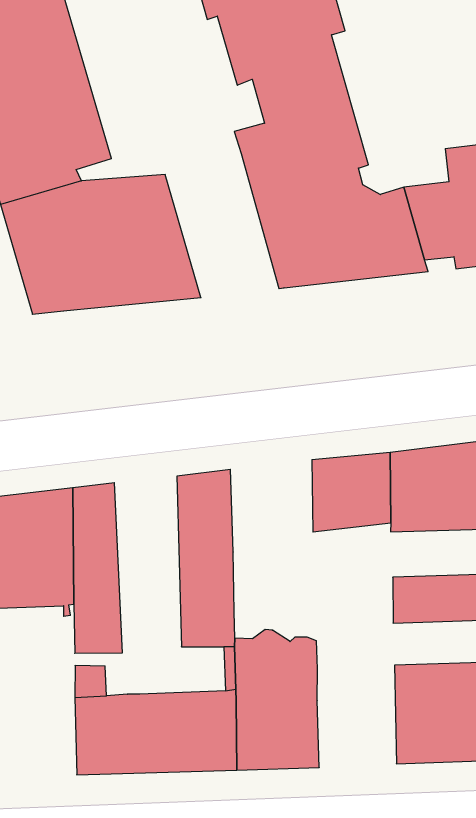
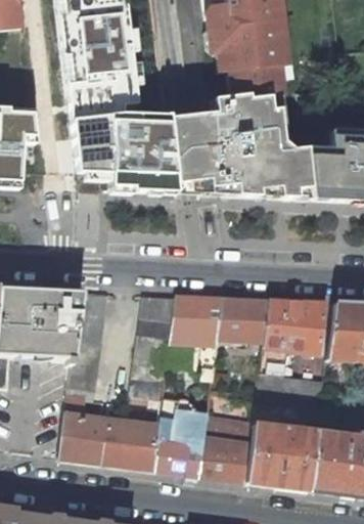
building: none -> [167,112,222,193]
building: none -> [171,294,225,378]
building: none -> [200,418,254,480]

